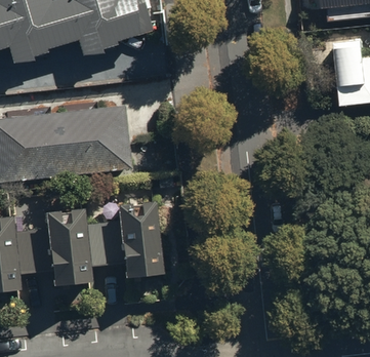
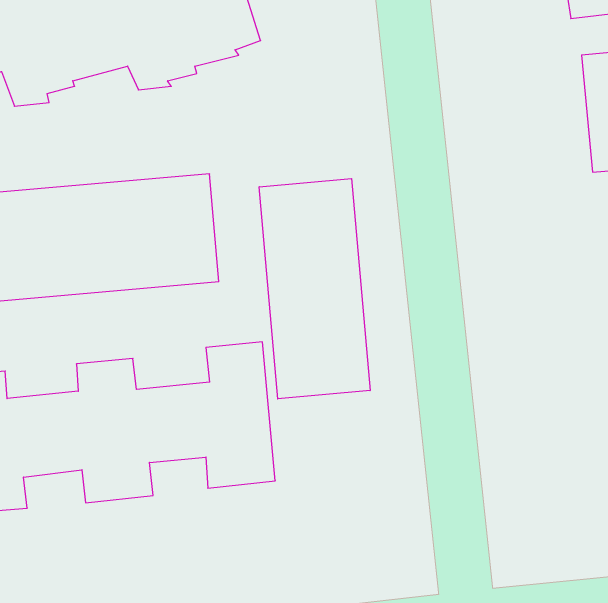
building: none -> [259,179,370,399]

